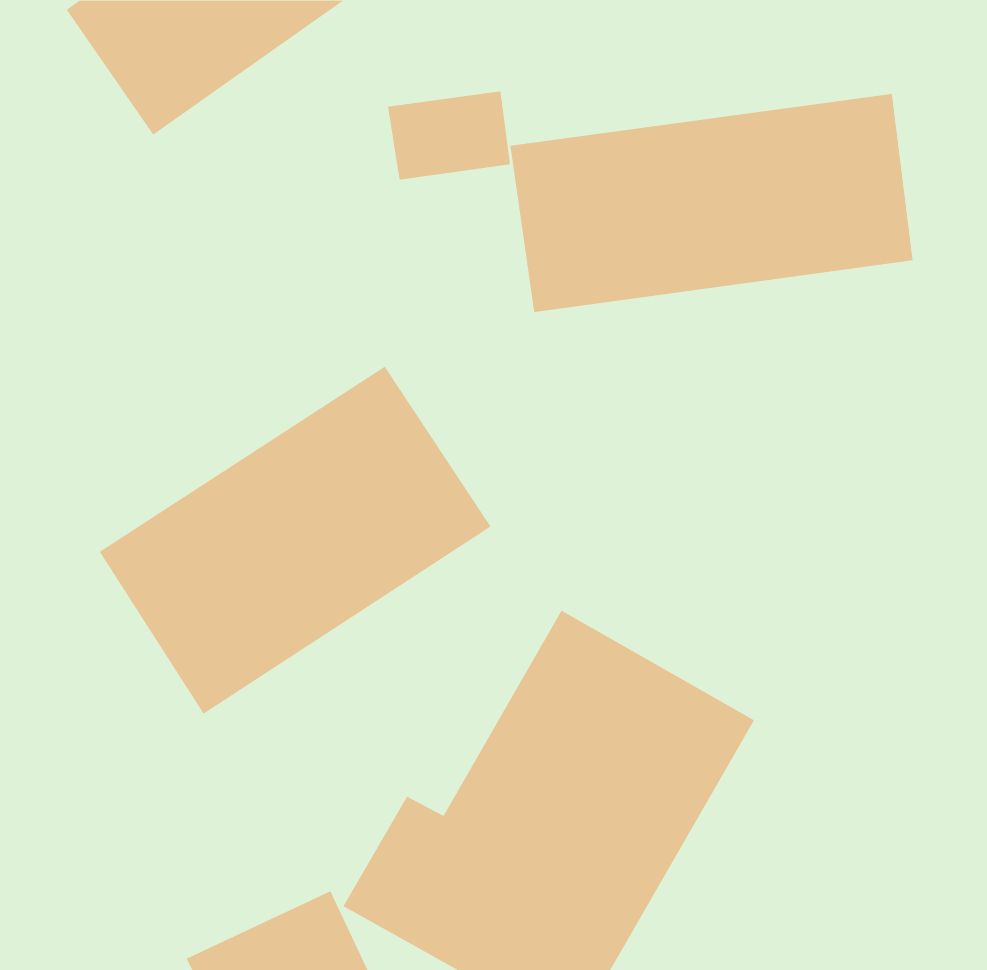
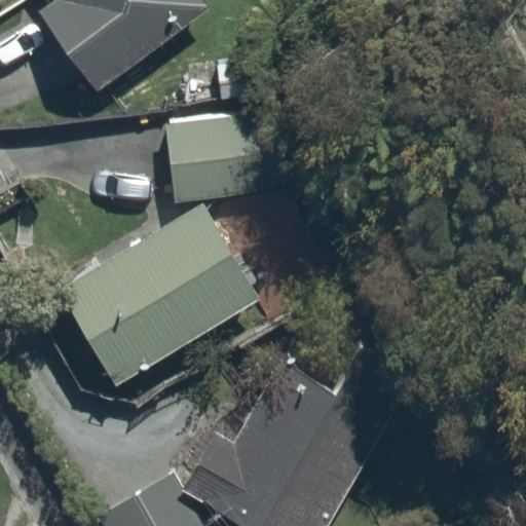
building: [510,93,913,313] -> none
building: none -> [162,109,269,204]

